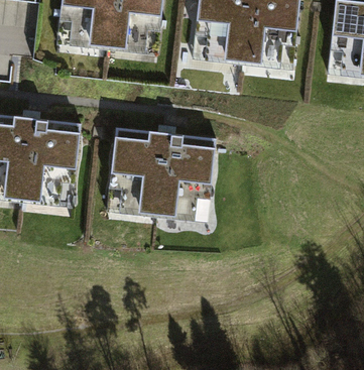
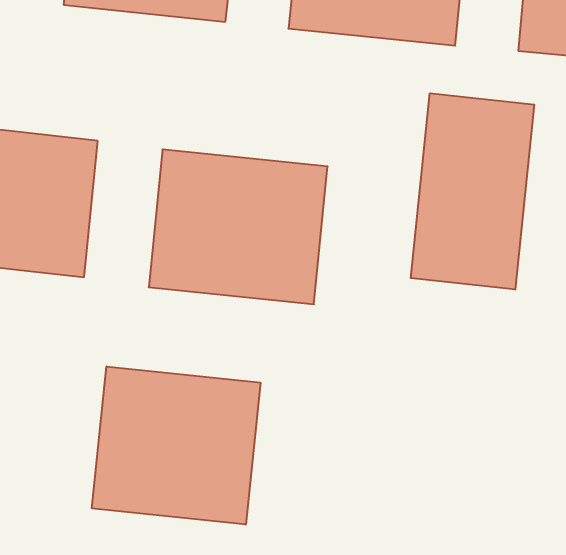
building: none -> [411,93,534,290]
building: none -> [92,366,260,525]

